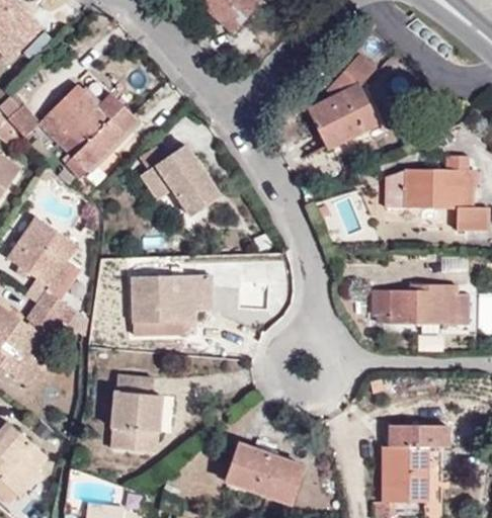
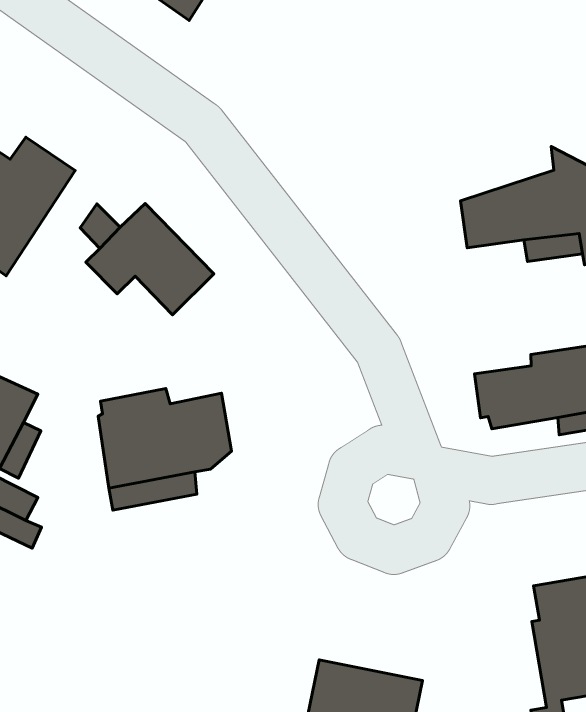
building: [305,59,384,151] -> none
building: [108,373,157,453] -> none

